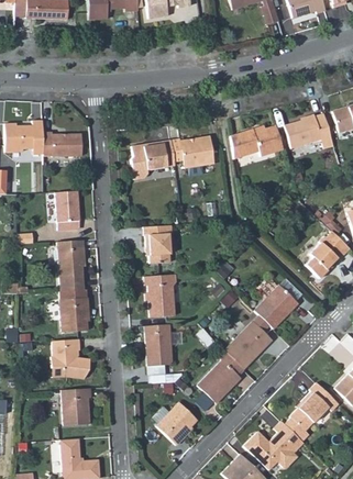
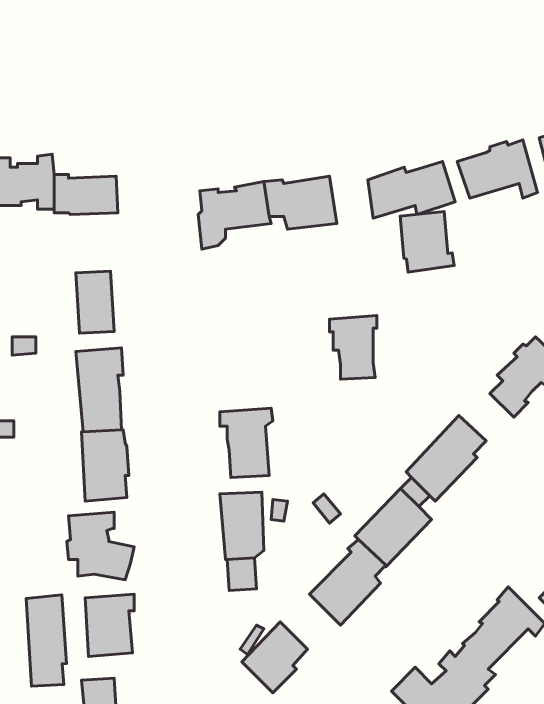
building: none -> [400,212,454,272]
building: [142,226,170,265] -> [330,315,377,379]
building: none -> [26,595,67,686]

